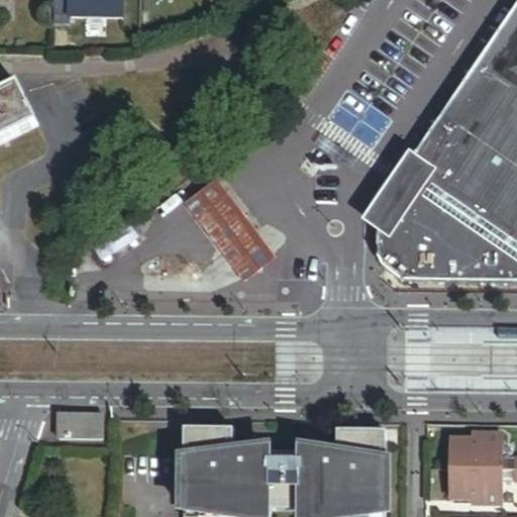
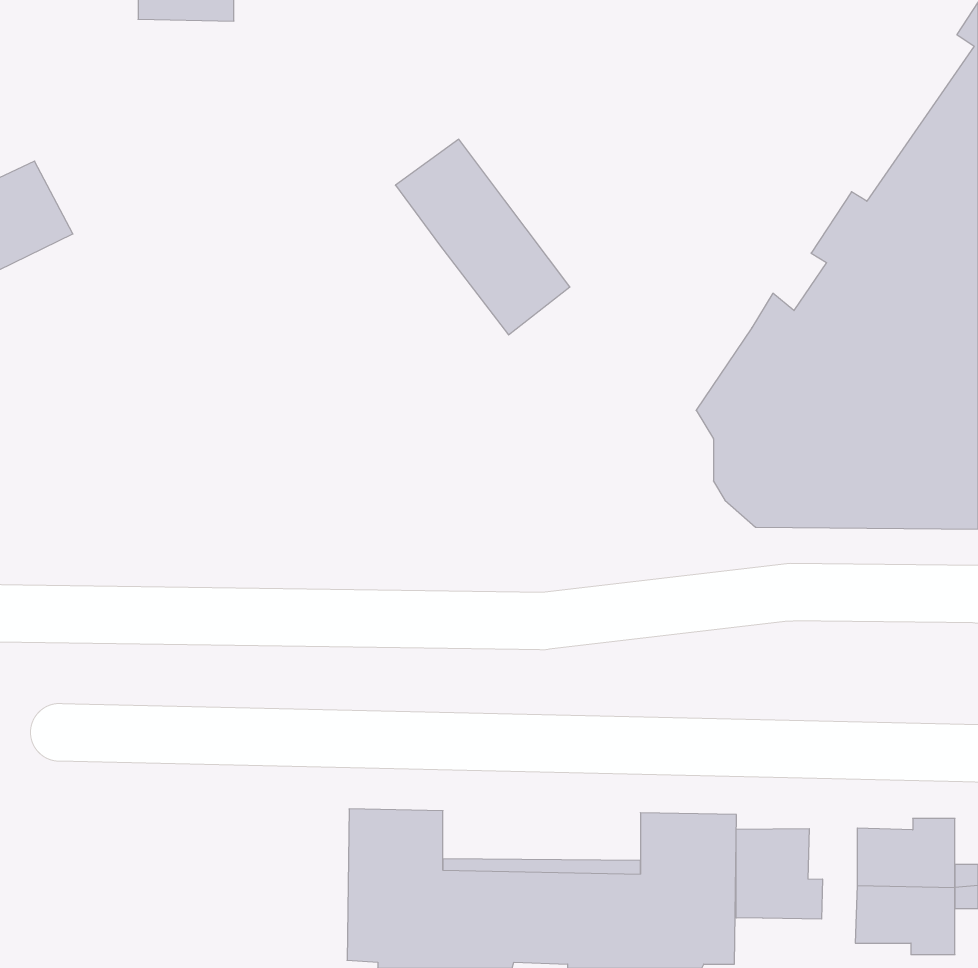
building: [183,178,275,281] -> [395,139,570,335]
building: [59,415,103,439] -> none
building: none -> [736,829,822,919]

